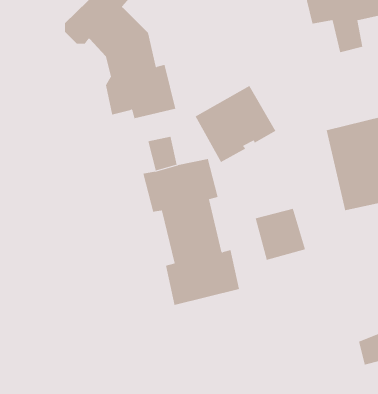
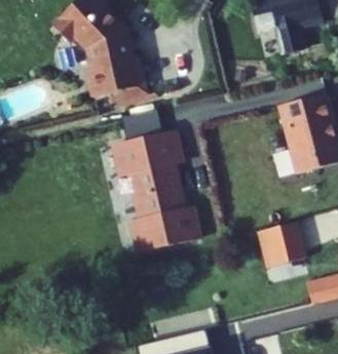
building: [195,85,276,163] -> none
building: [255,208,306,261] -> [254,224,296,267]

